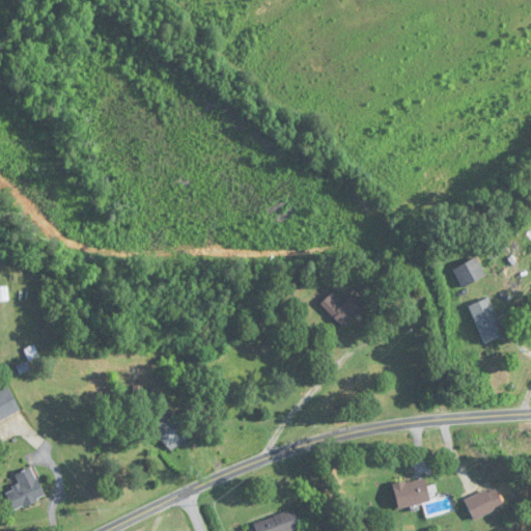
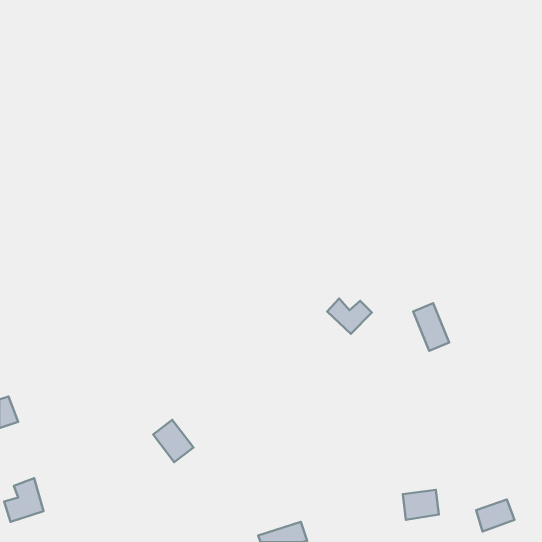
building: [451,257,484,287] -> none
building: [468,297,503,343] -> [413,303,449,351]

